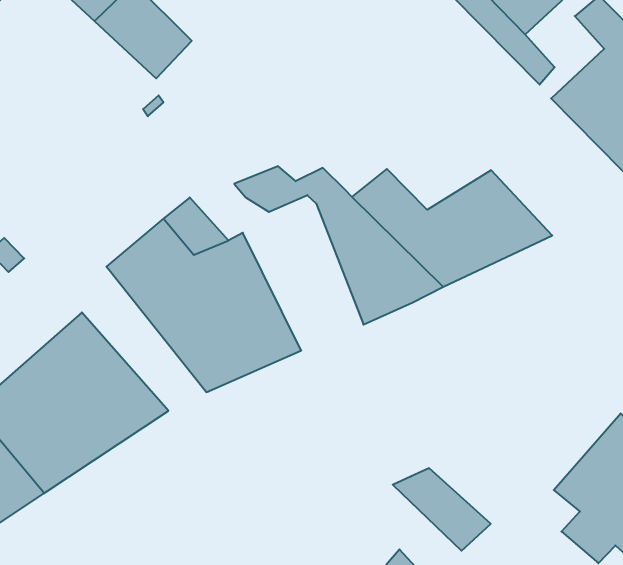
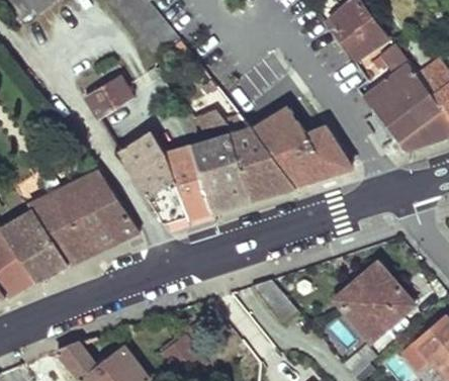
building: none -> [82,74,136,118]
building: none -> [191,132,248,208]

